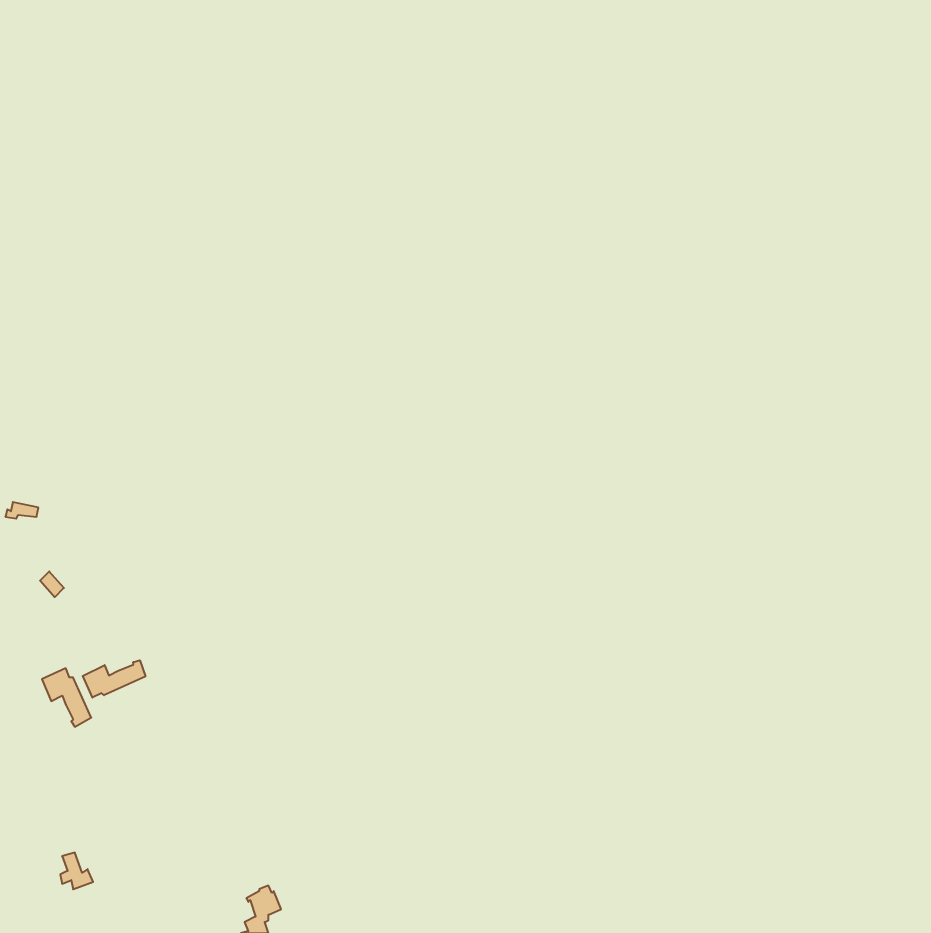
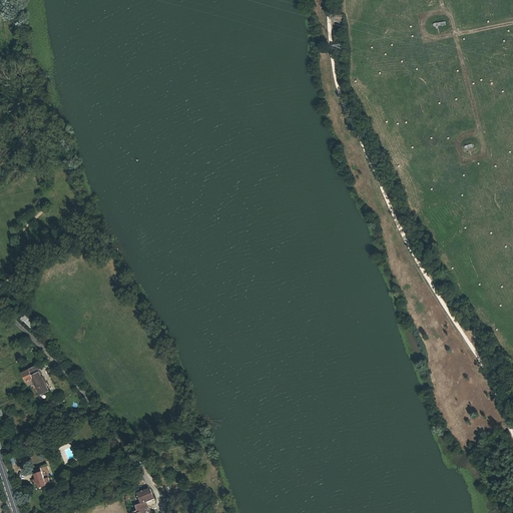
building: [83,660,145,698] -> none

